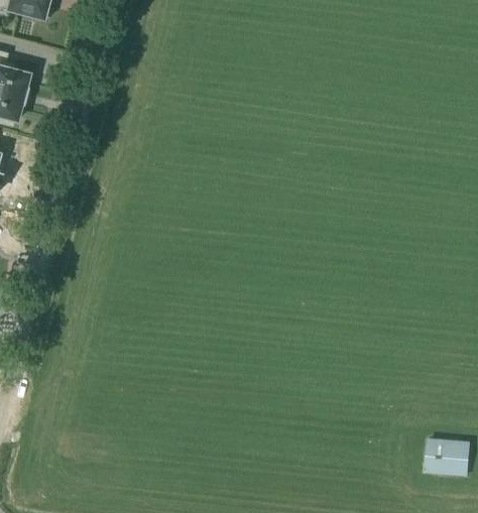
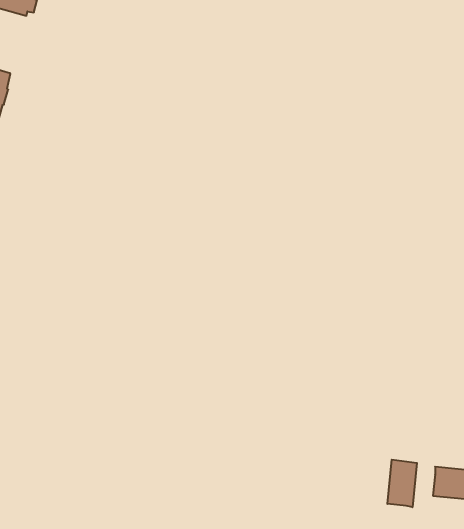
building: none -> [387,460,417,507]

